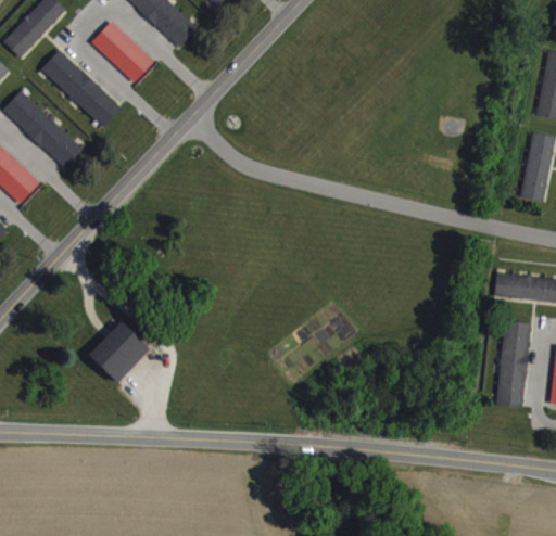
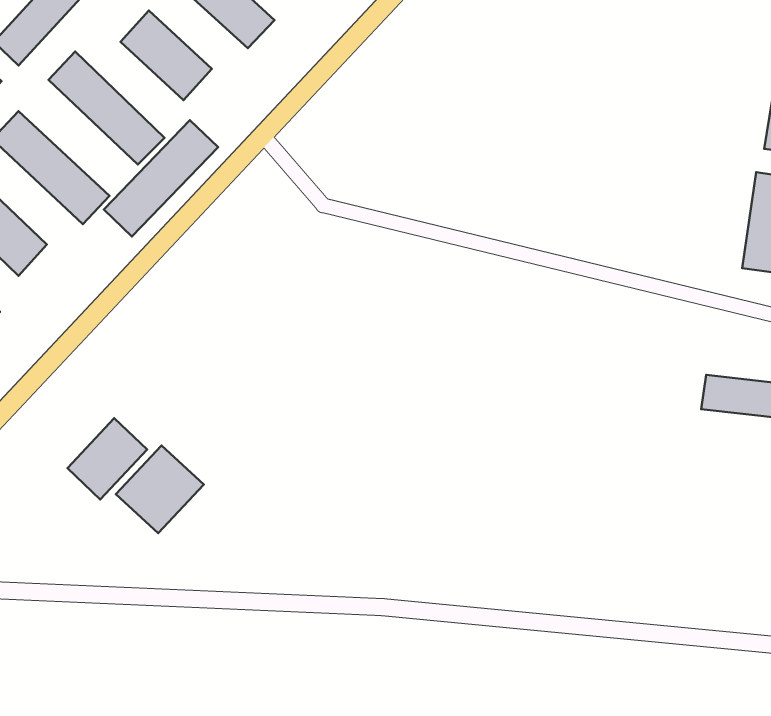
building: none -> [104,120,218,236]
building: none -> [67,418,147,500]
building: [495,320,531,408] -> none

